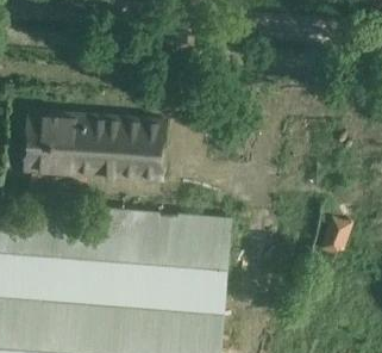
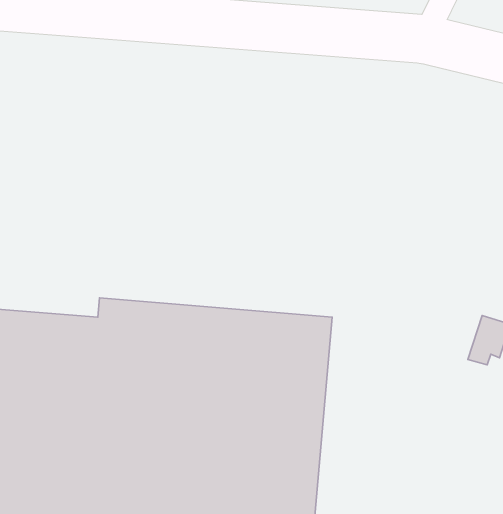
building: [25,113,168,180] -> none

